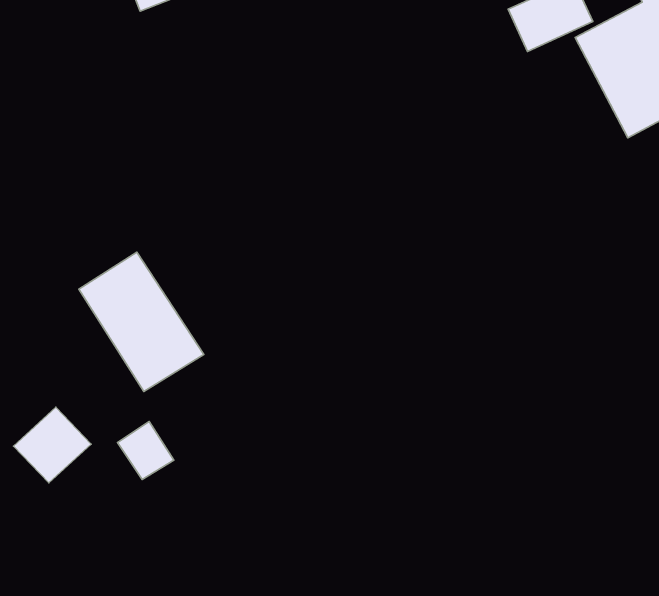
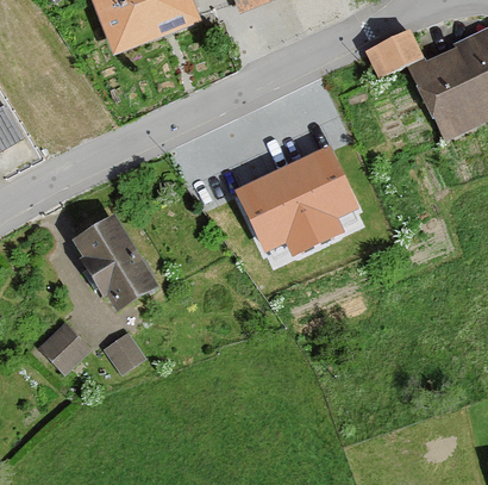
building: none -> [236,150,349,250]

